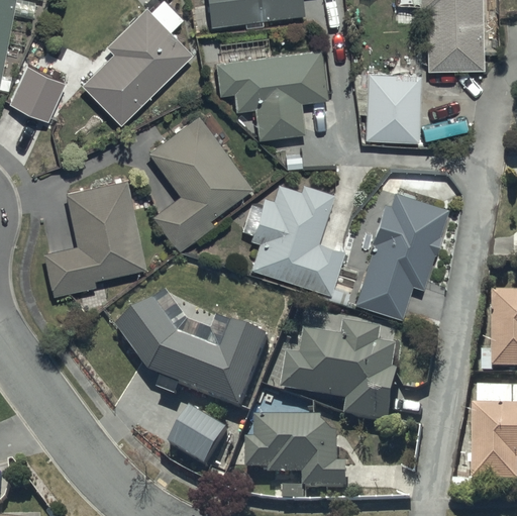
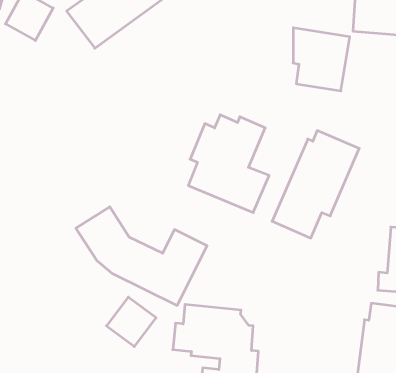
building: [220,49,326,138] -> none
building: [148,116,251,250] -> none
building: [49,178,145,296] -> none
building: [281,326,398,426] -> none

